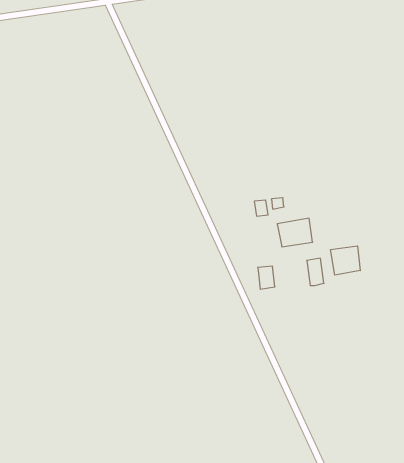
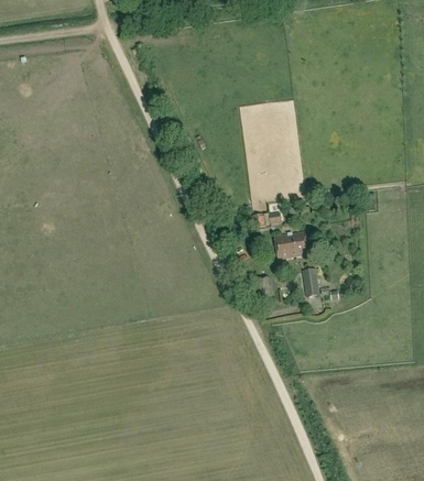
building: [331,246,360,275] -> none

